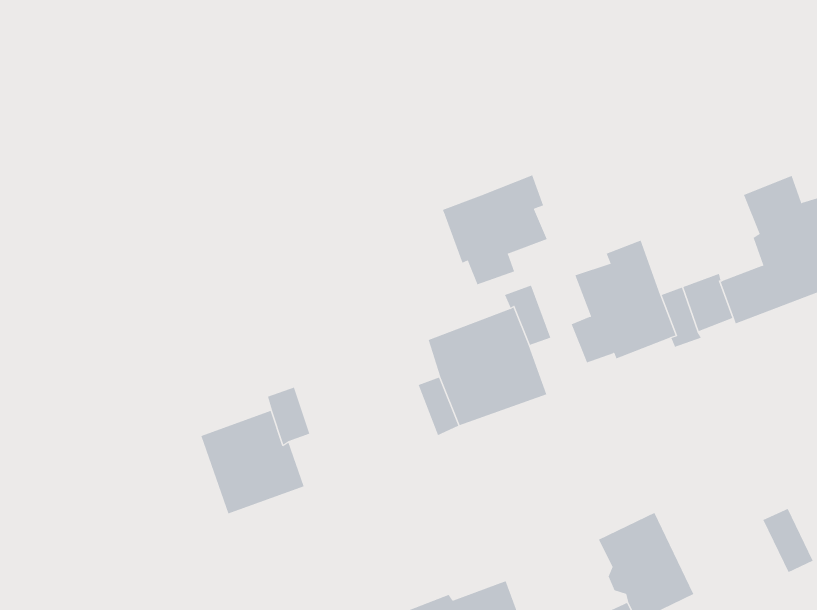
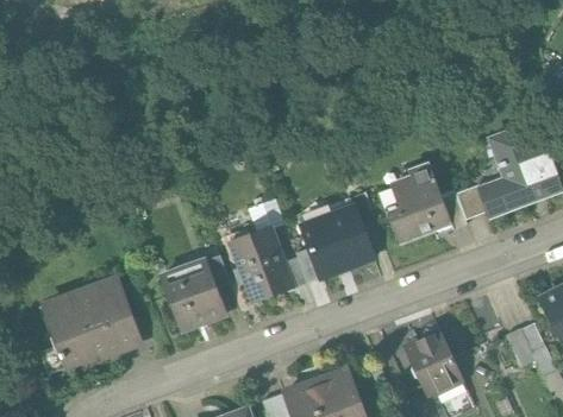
building: [442,175,547,285] -> none
building: none -> [229,226,294,303]
building: none -> [48,277,140,365]

